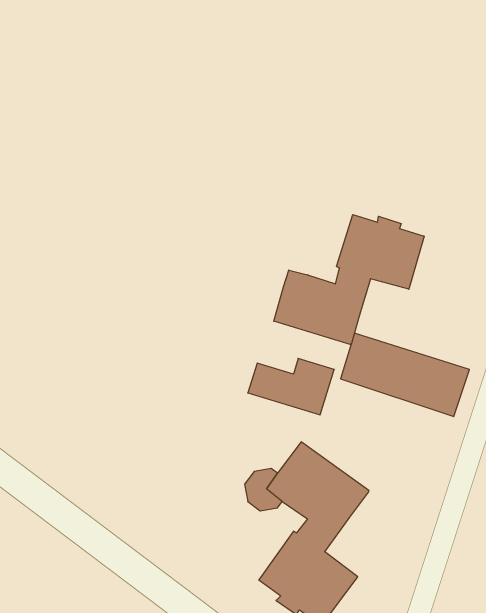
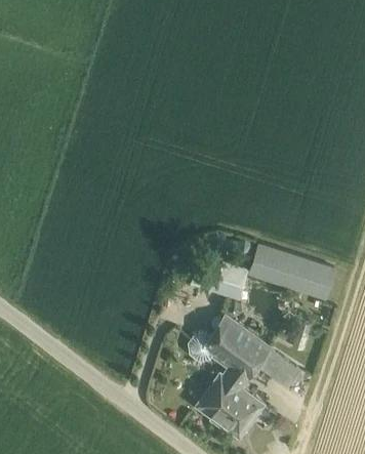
building: [274,215,424,345] -> none
building: none -> [256,347,302,389]

